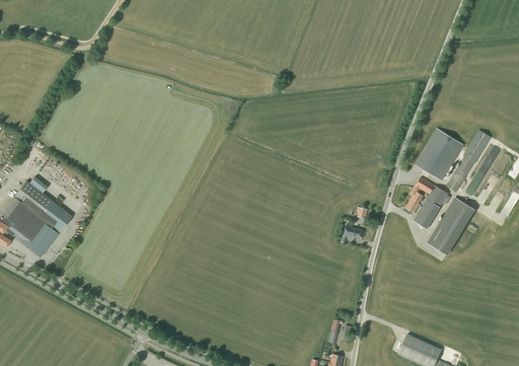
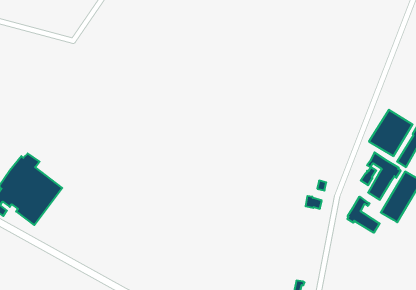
building: none -> [347,197,380,233]

